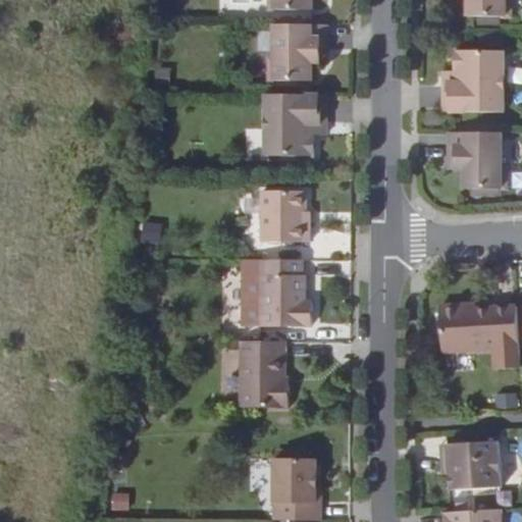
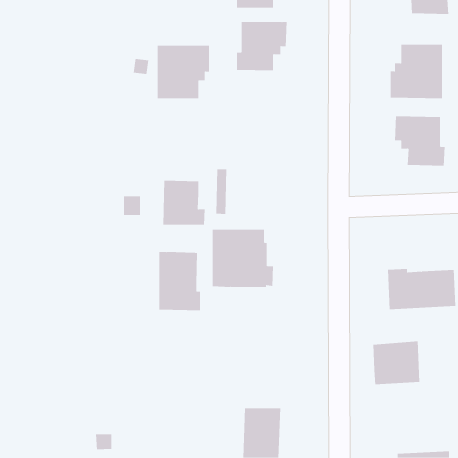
building: [265,94,325,155] -> [157,45,210,99]
building: [260,190,309,241] -> [162,180,206,225]
building: [238,341,285,408] -> [158,252,201,311]
building: [456,441,510,491] -> [373,341,420,385]

